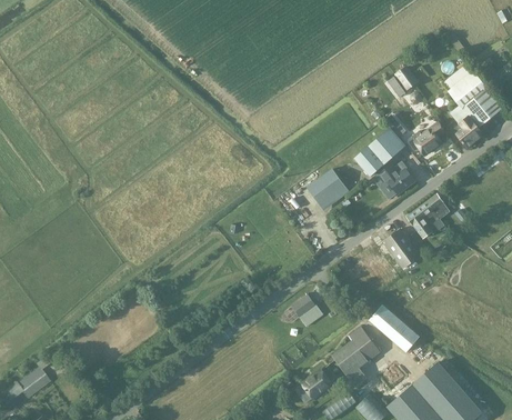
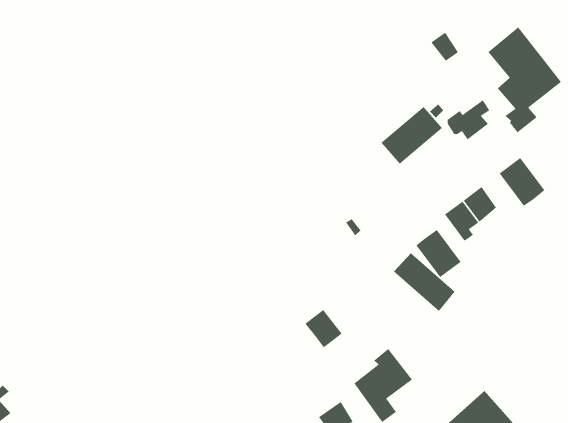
building: [380,162,414,192] -> none
building: [308,168,345,204] -> none
building: none -> [499,157,545,207]
building: [369,304,420,353] -> [393,252,456,312]

